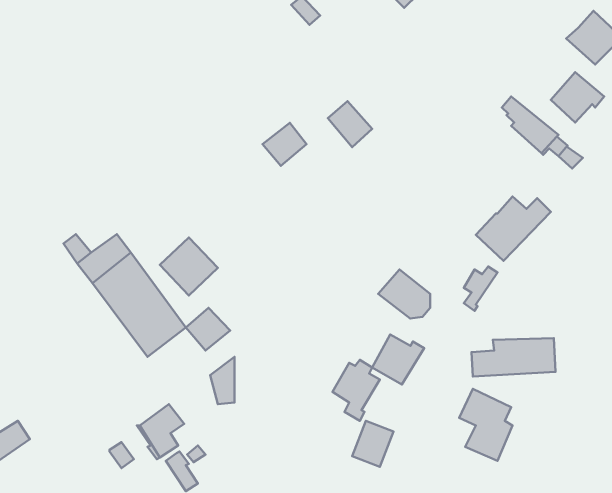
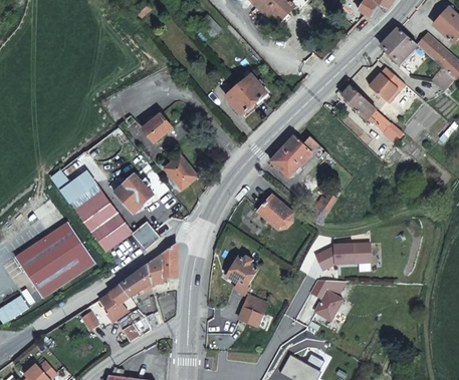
building: none -> [237,74,265,103]
building: [262,123,307,166] -> [140,113,169,141]
building: [476,197,551,261] -> [269,135,318,177]
building: none -> [165,155,197,188]
building: none -> [14,221,94,298]
building: [372,334,424,385] -> none
building: none -> [163,243,178,276]
building: none -> [120,265,152,297]

